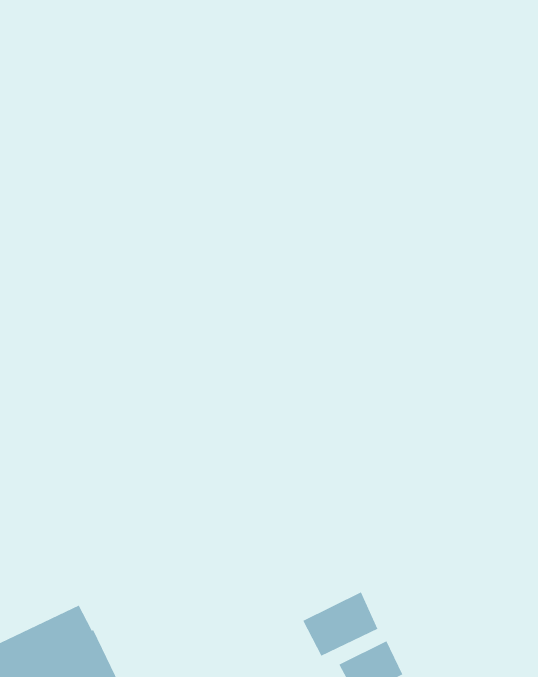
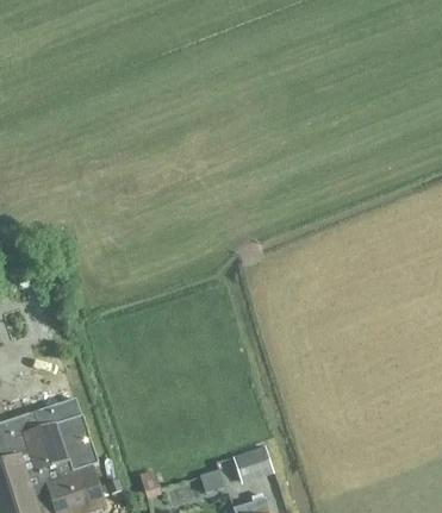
building: [302,591,378,657] -> none

